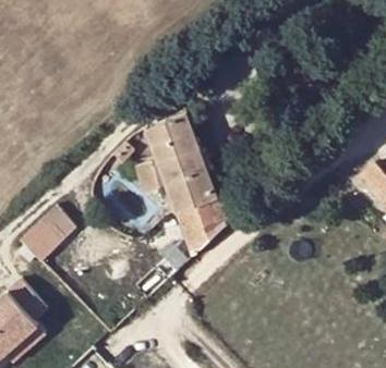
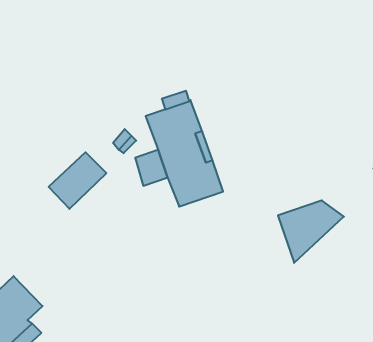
building: [174,196,237,255] -> [278,200,344,263]
building: [19,205,73,258] -> [49,152,106,209]

